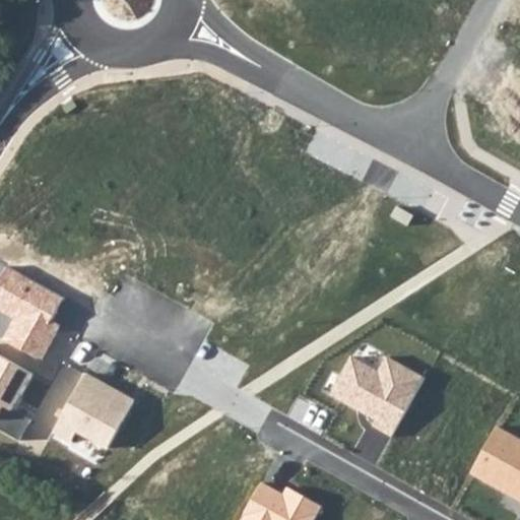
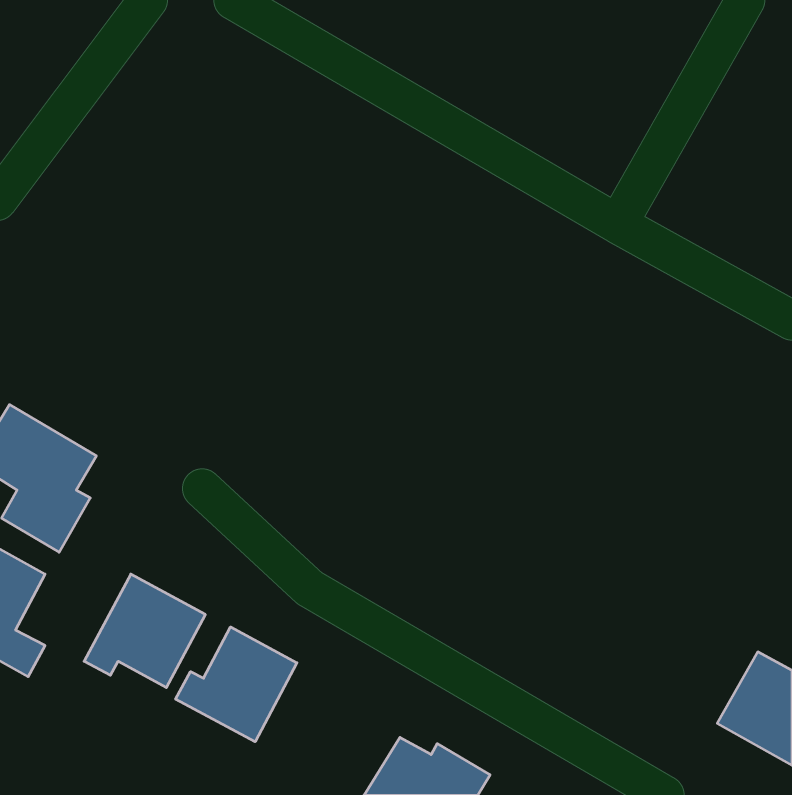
building: [328,355,424,440] -> none
building: none -> [176,627,297,742]

